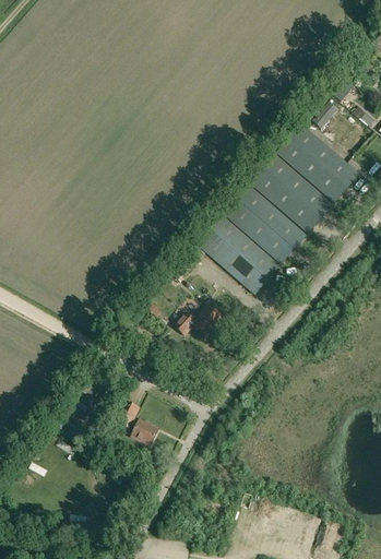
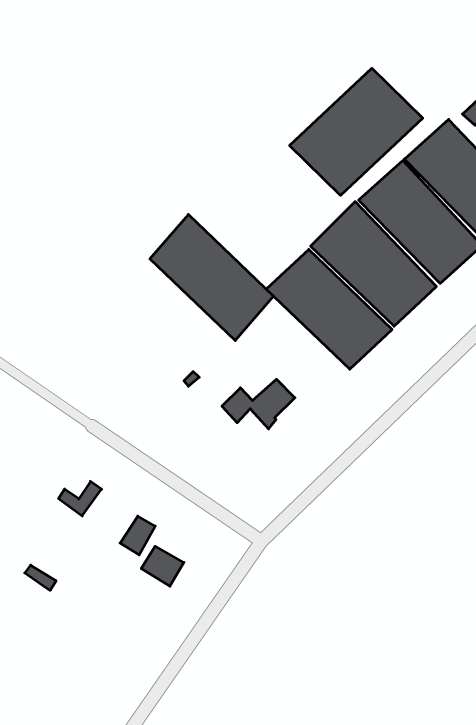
building: none -> [290,68,423,195]
building: none -> [150,214,274,341]

